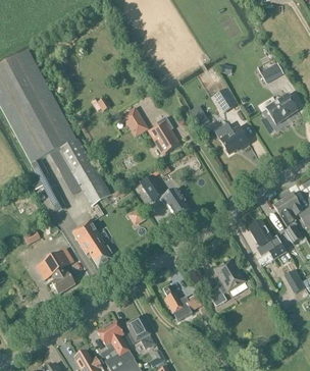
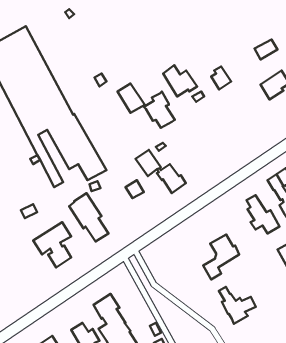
building: [214,121,249,153] -> [163,65,197,96]
building: [163,284,201,322] -> [219,287,256,324]
building: [126,316,154,348] -> none

